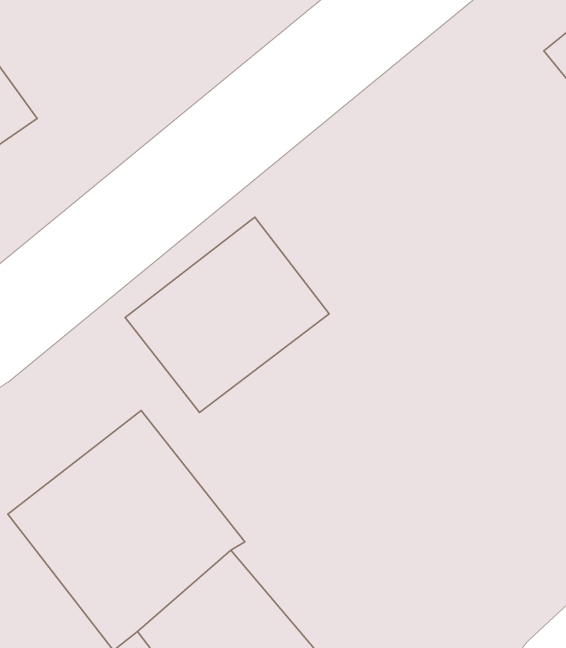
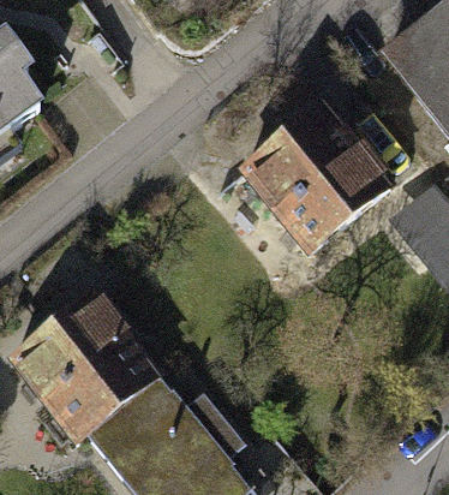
building: [125,217,329,412] -> [233,124,375,260]

